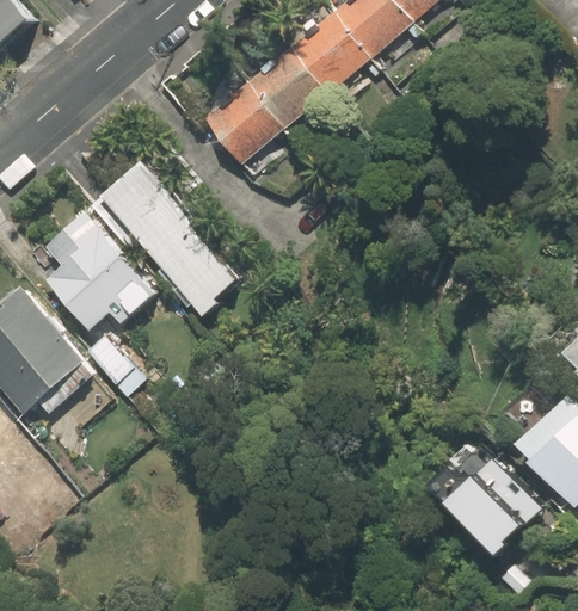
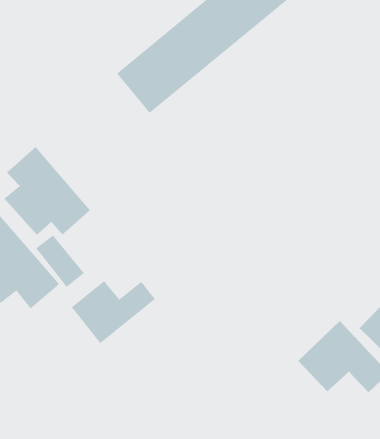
building: [87,160,240,316] -> none
building: none -> [71,280,156,344]

